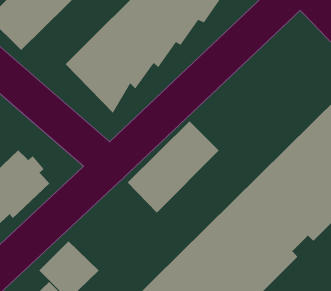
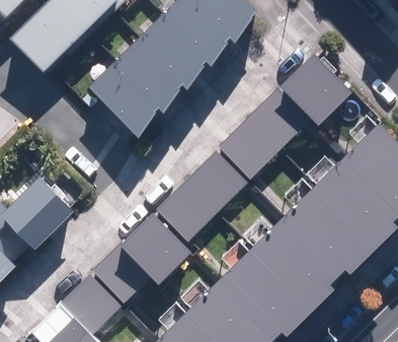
building: none -> [219,54,351,179]
building: none -> [92,212,191,304]

